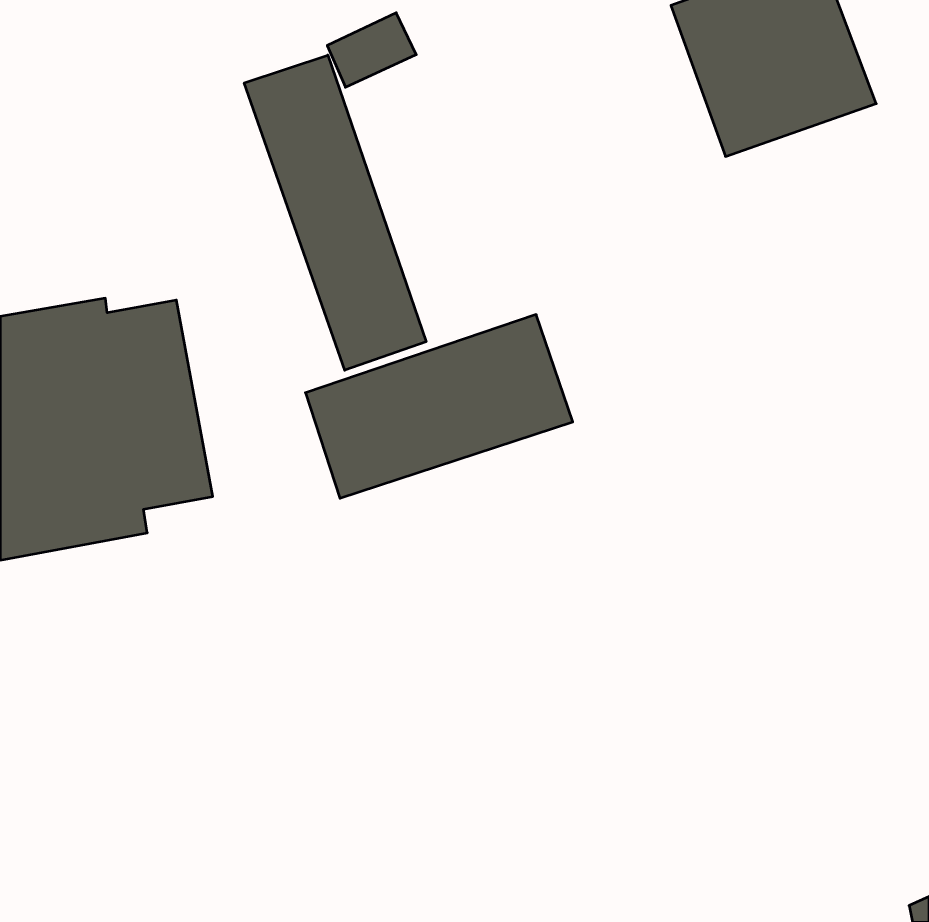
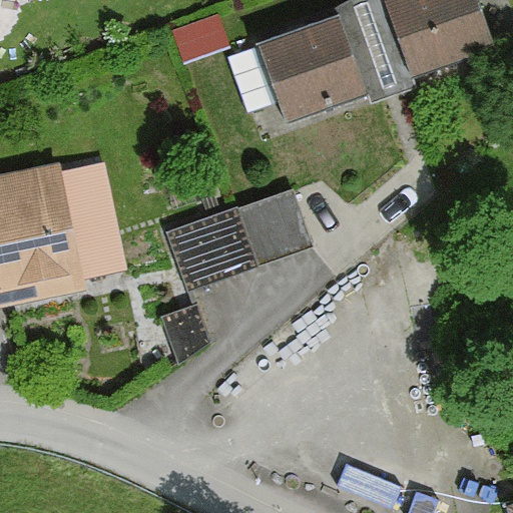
building: none -> [249,20,357,126]
building: [244,55,426,370] -> none

